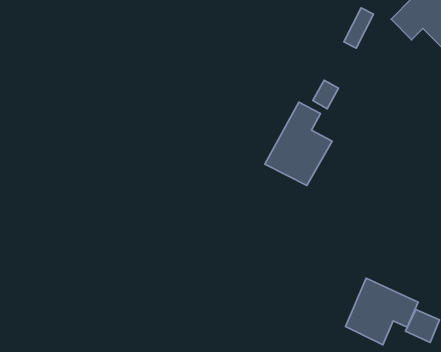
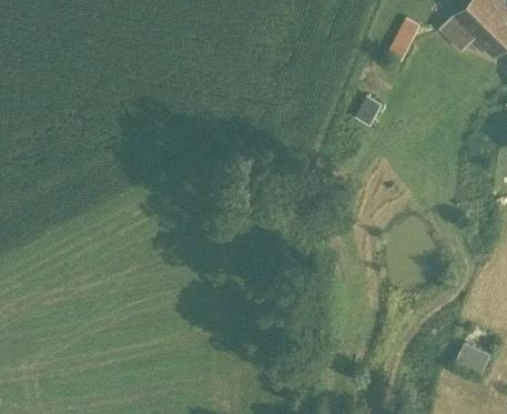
building: [265,102,332,185] -> none
building: [345,278,418,345] -> none

